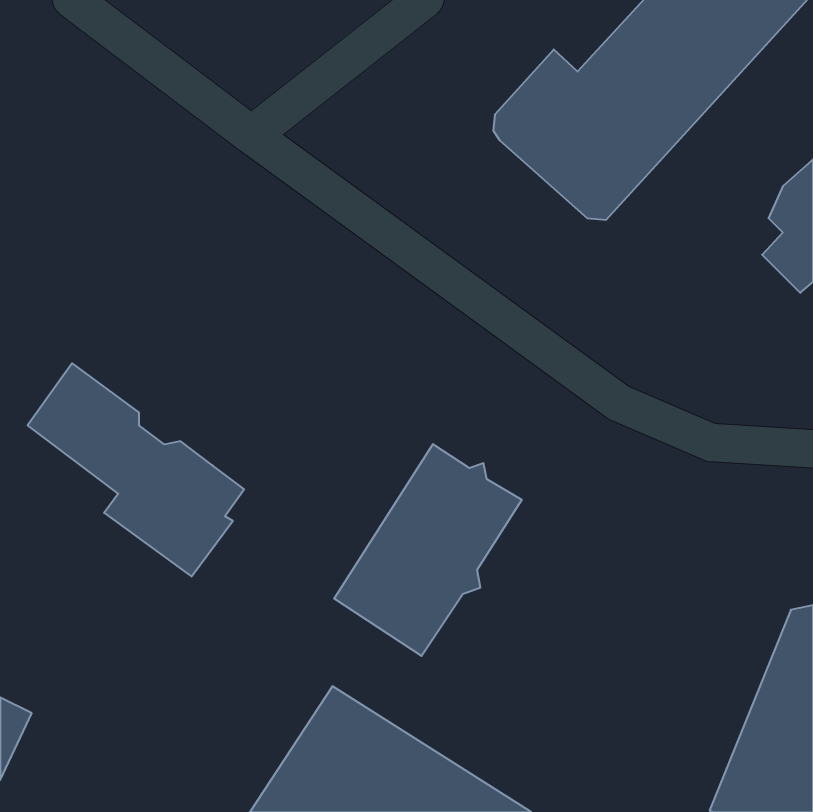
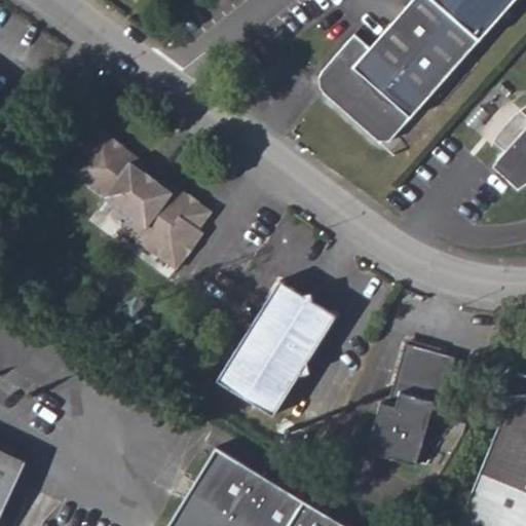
building: [28,363,244,577] -> [73,136,213,273]
building: none -> [365,351,455,476]

